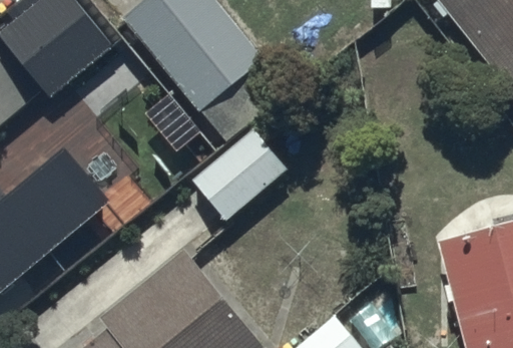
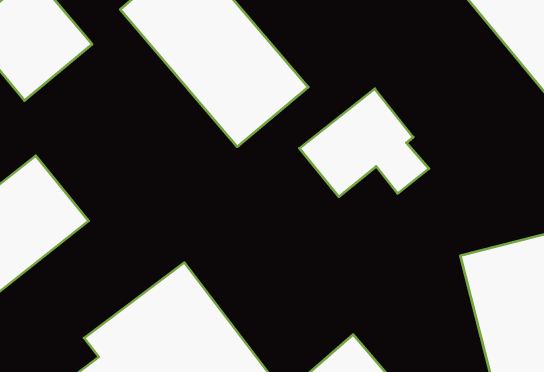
building: [187,129,303,226] -> [299,89,429,197]

